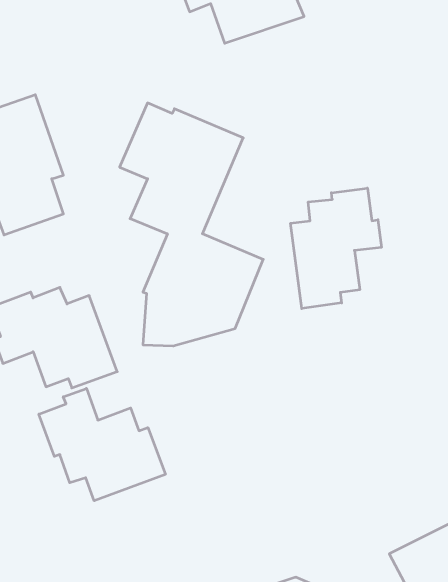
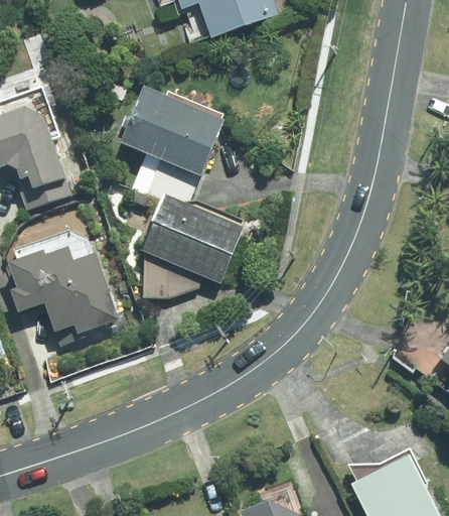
building: [291,188,381,309] -> none
building: [39,388,165,501] -> none

